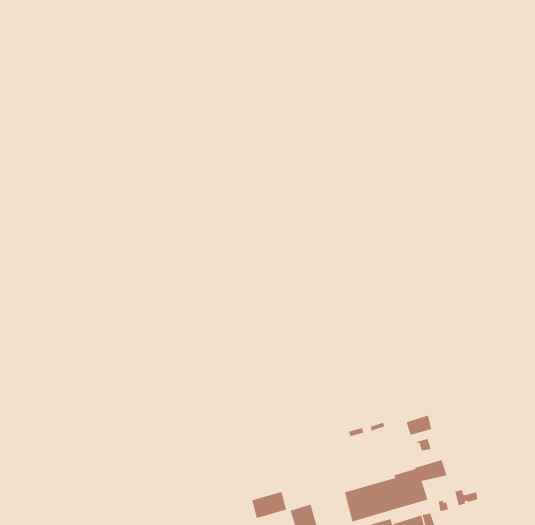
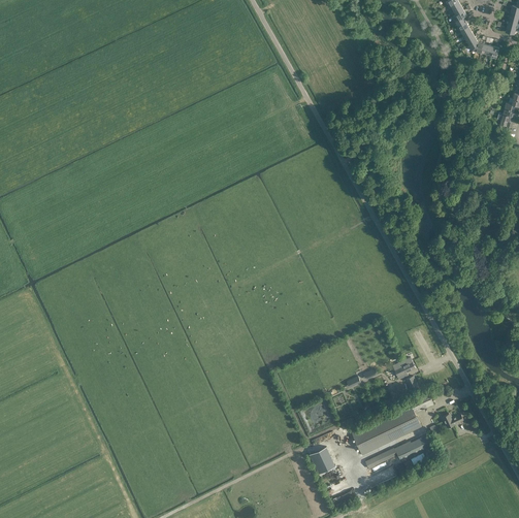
building: [252,491,287,519] -> none

